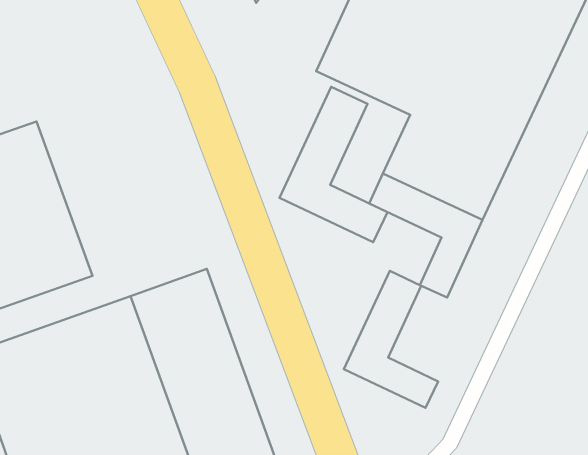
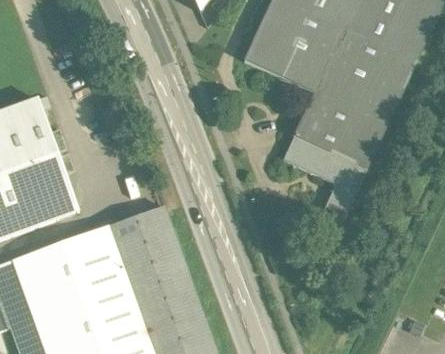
building: [280,87,388,242] -> none
building: [344,271,438,408] -> none

